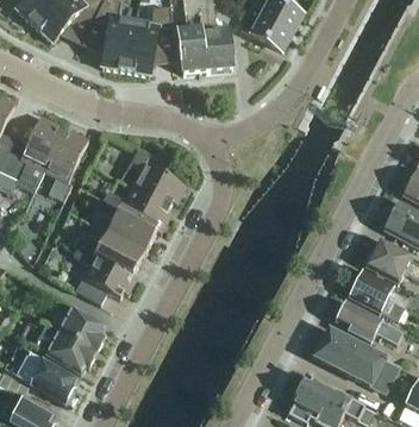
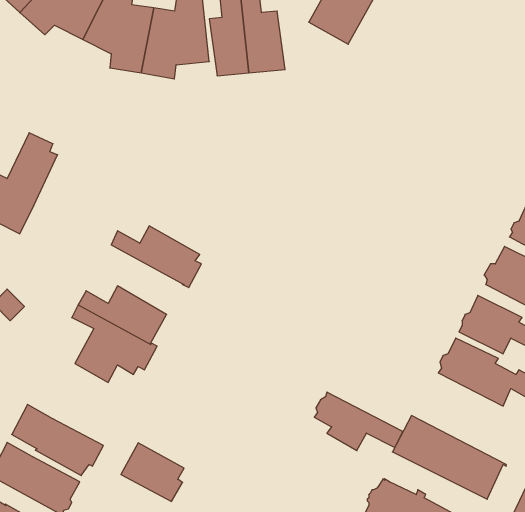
building: [44,130,88,200] -> none
building: [130,149,186,207] -> none
building: [96,200,157,252] -> none
building: [336,301,402,345] -> [314,392,403,451]
building: [58,307,106,351] -> [121,443,184,501]

